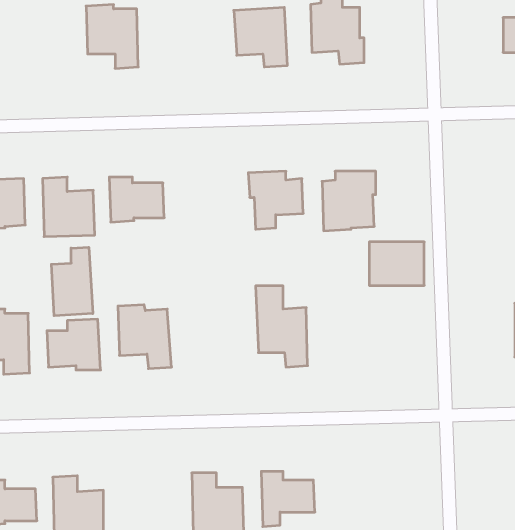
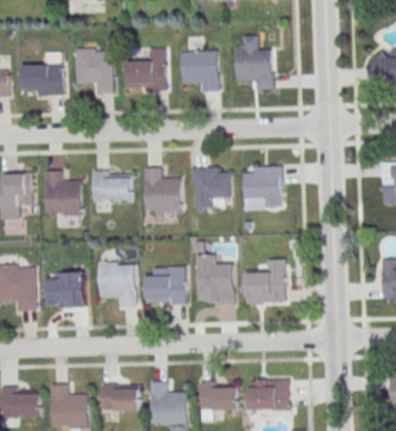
building: none -> [126,48,166,91]
building: none -> [22,52,63,95]
building: none -> [143,167,180,209]
building: [369,242,424,285] -> [245,271,285,302]
building: [51,247,93,316] -> none
building: none -> [145,266,186,304]
building: none -> [248,378,288,410]
building: none -> [101,384,139,411]

